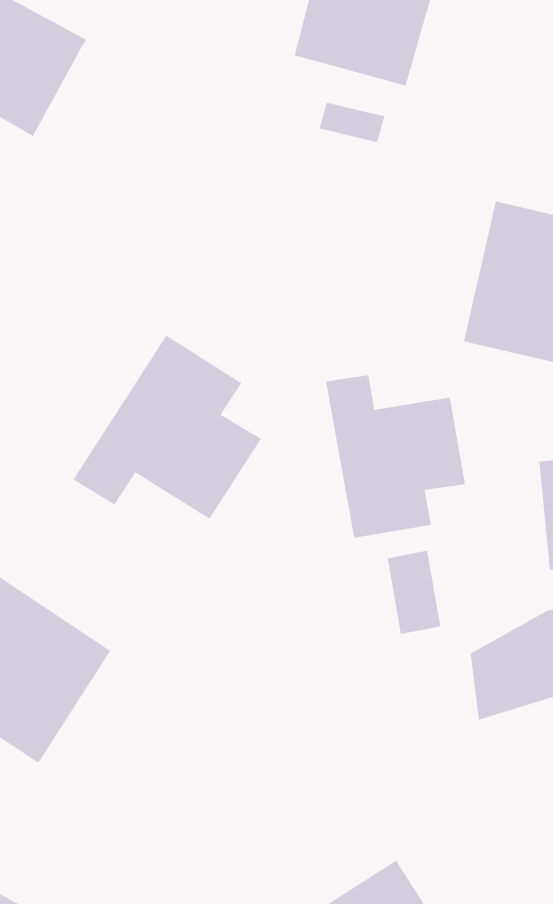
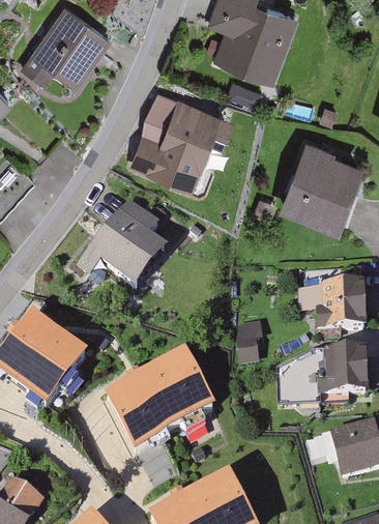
building: none -> [126,90,229,187]
building: [326,374,466,539] -> none
building: none -> [103,358,206,449]

